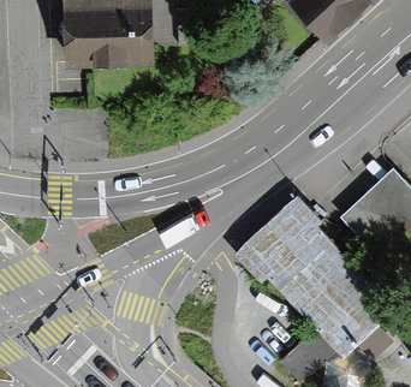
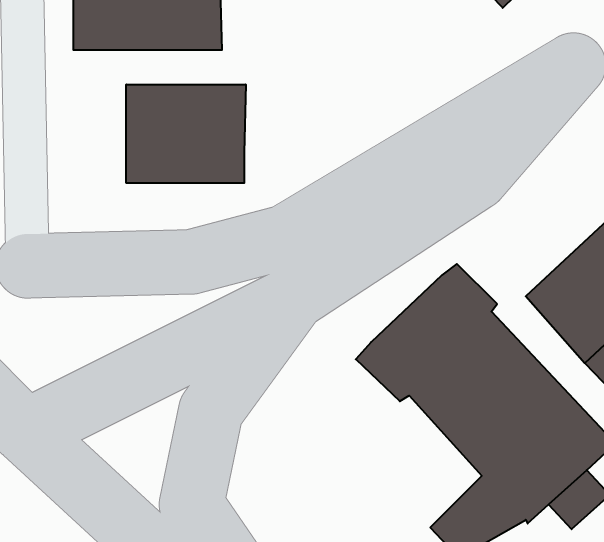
building: none -> [126,84,246,183]

